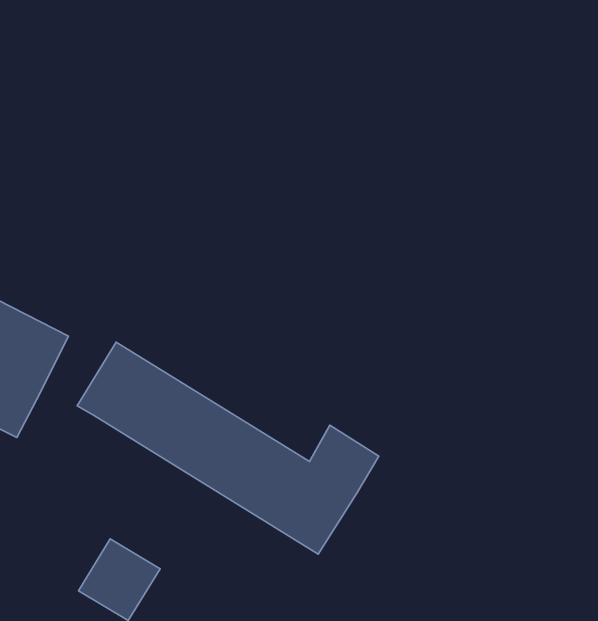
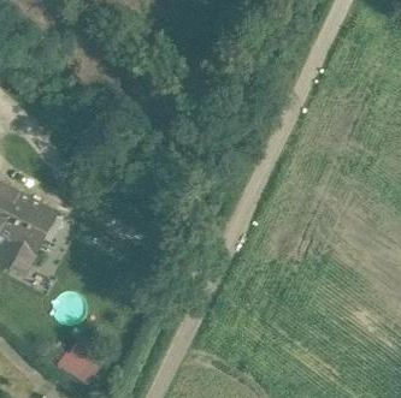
building: [77,342,379,554] -> none

